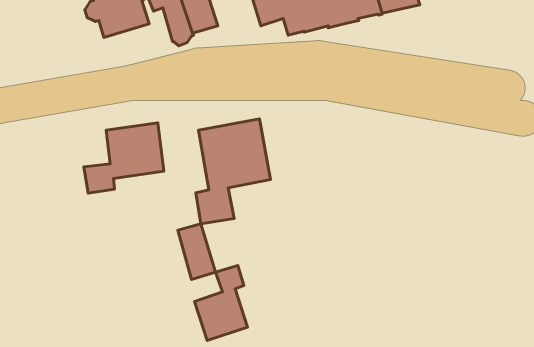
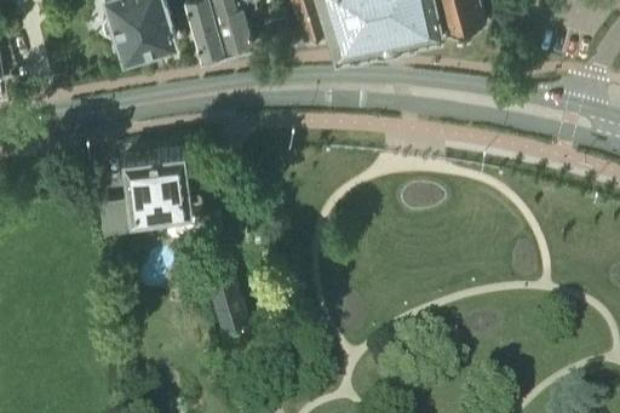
building: [196,119,270,224] -> none
building: [195,266,248,340] -> none

